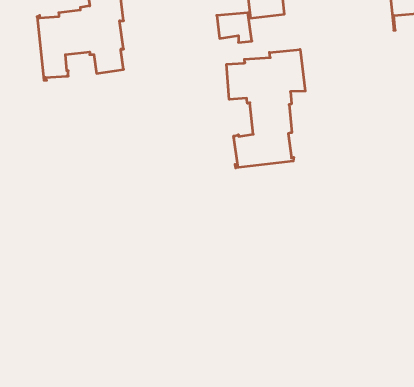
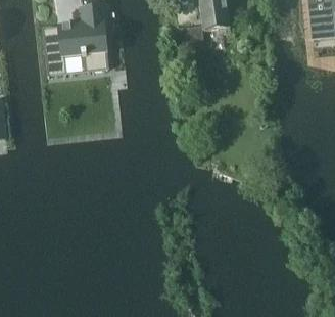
building: [227,49,305,168] -> none

